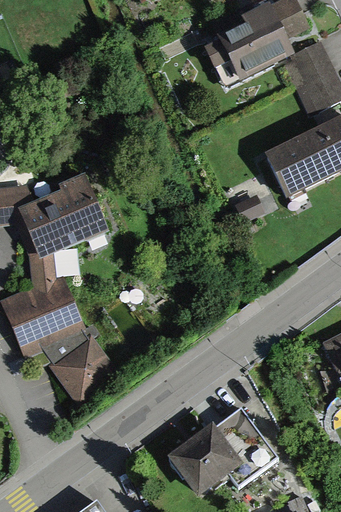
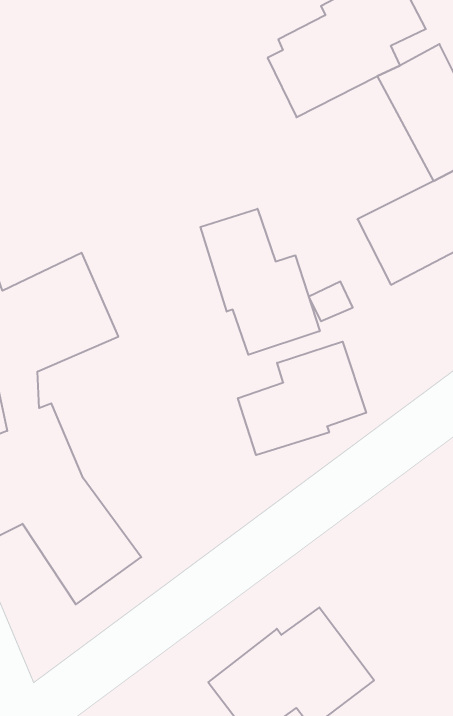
building: none -> [200,209,320,355]
building: none -> [238,342,366,455]

